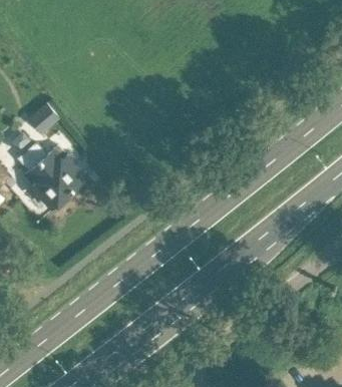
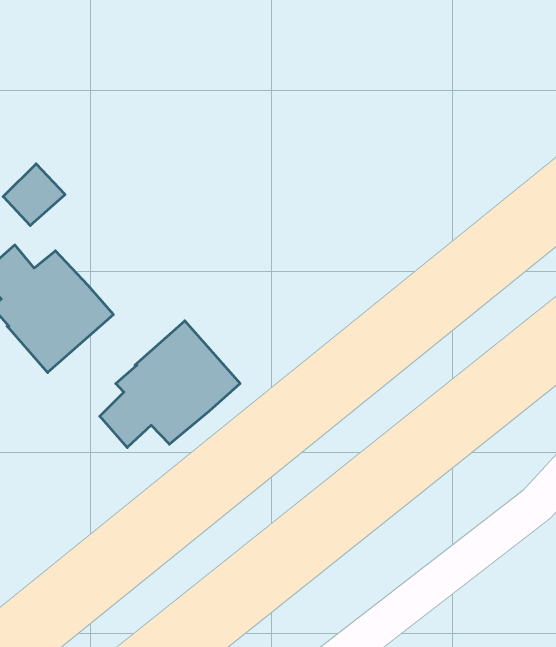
building: none -> [100,321,240,448]

